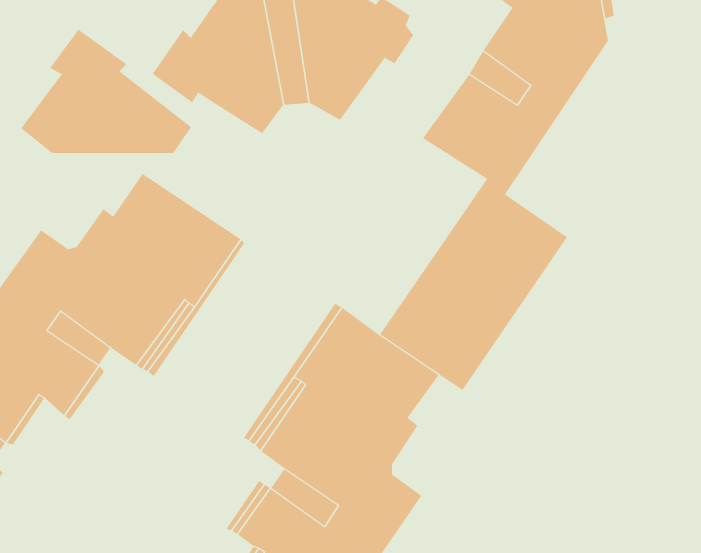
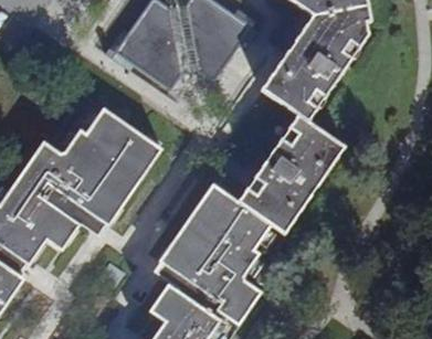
building: [20,29,192,154] -> none

